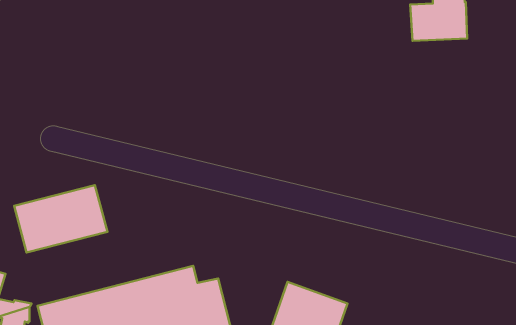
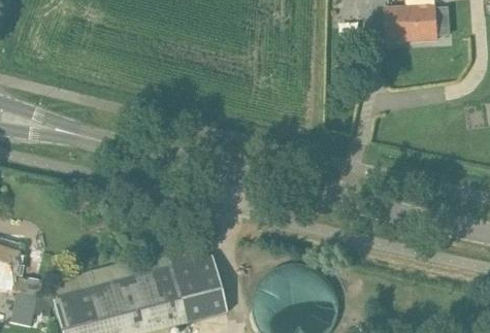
building: [14,185,108,252] -> none

